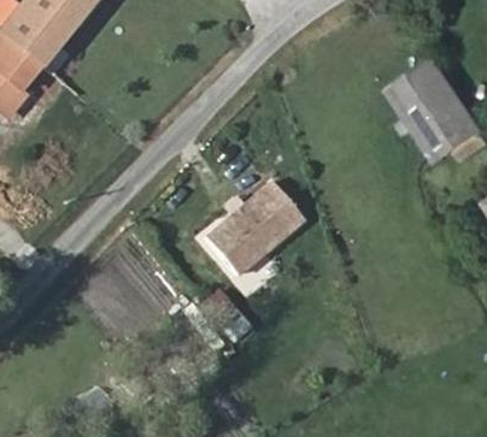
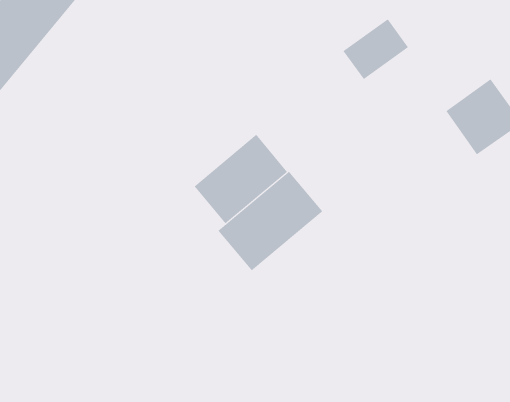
building: [394,67,456,124] -> [343,19,409,80]
building: none -> [194,134,288,224]

